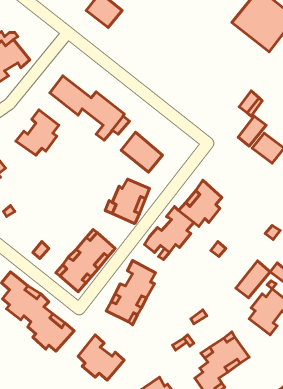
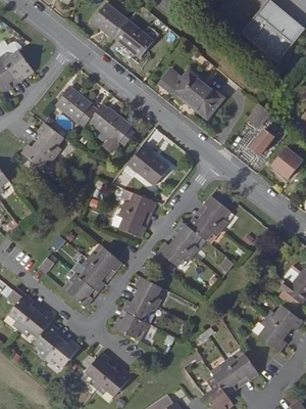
building: none -> [115,20,154,57]
building: none -> [160,69,222,117]
building: [236,261,270,298] -> none

